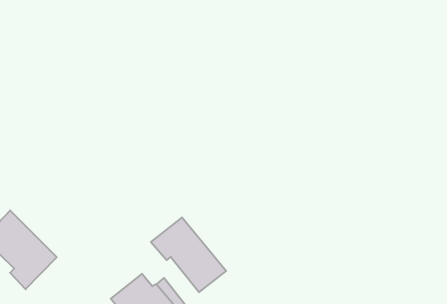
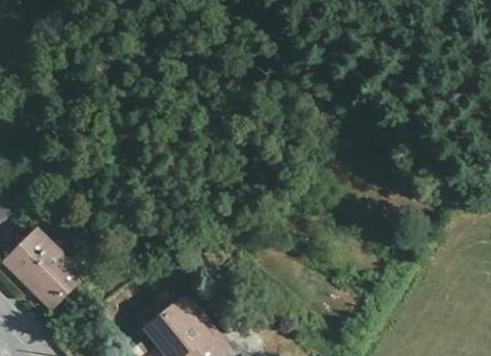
building: [151,217,226,292] -> none

